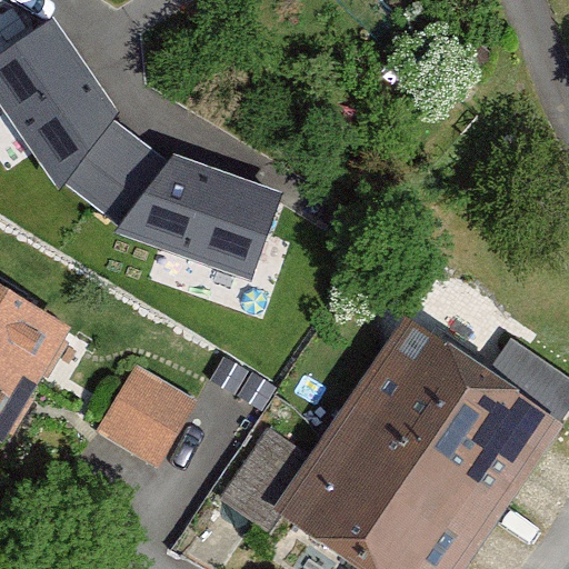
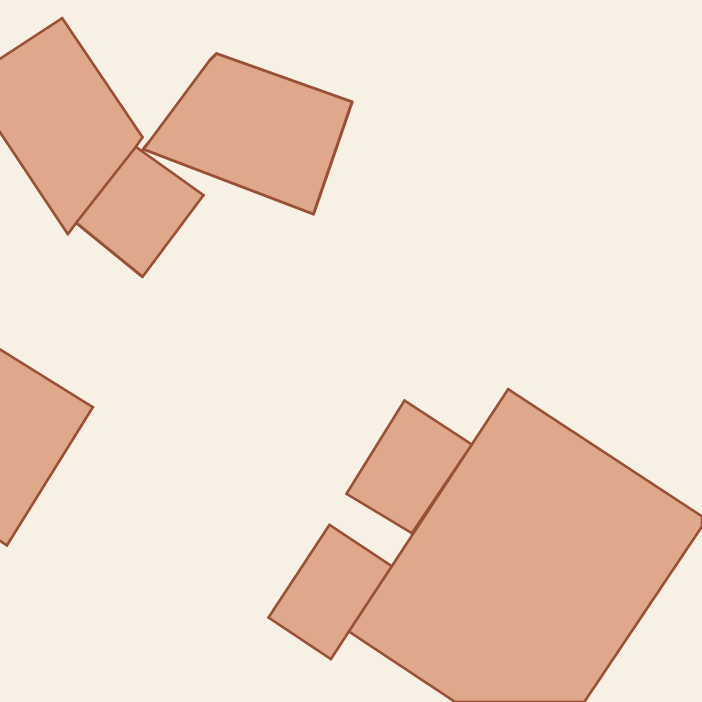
building: [110,151,278,280] -> [143,53,352,214]
building: none -> [347,400,472,533]
building: [96,363,199,469] -> none

